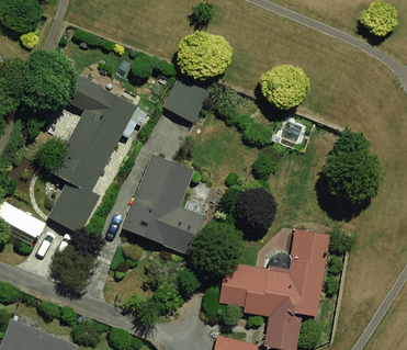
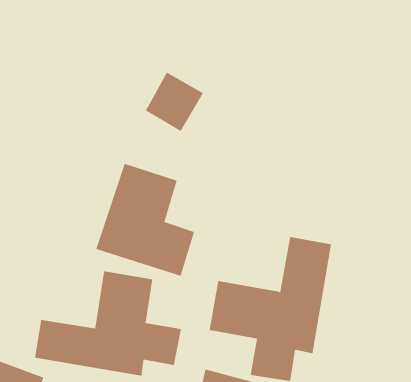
building: [48,75,136,232] -> none
building: none -> [35,271,181,377]

